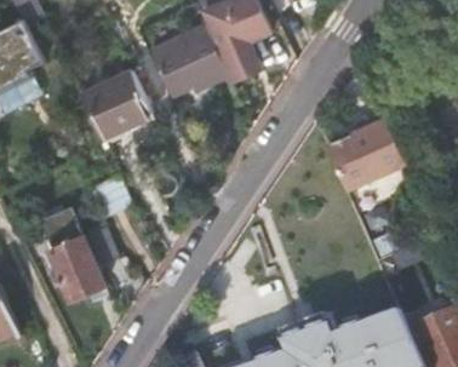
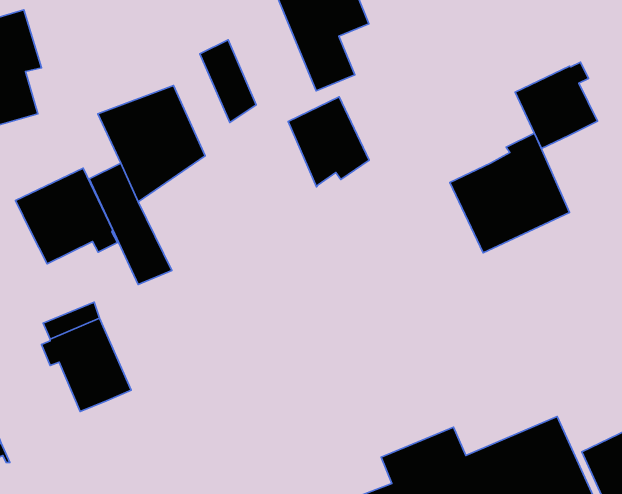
building: [172,28,228,90] -> [288,97,369,187]
building: none -> [515,62,597,149]
building: none -> [16,168,117,264]

